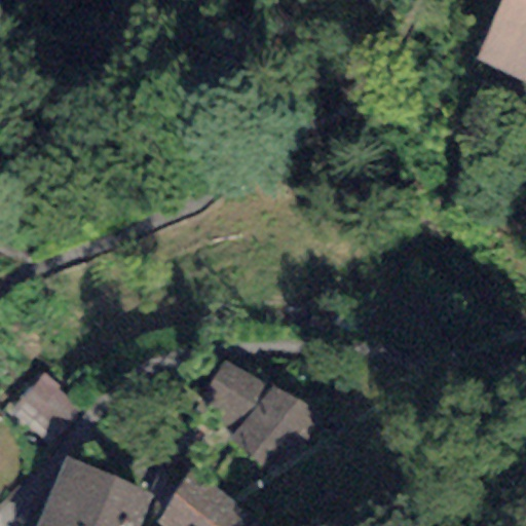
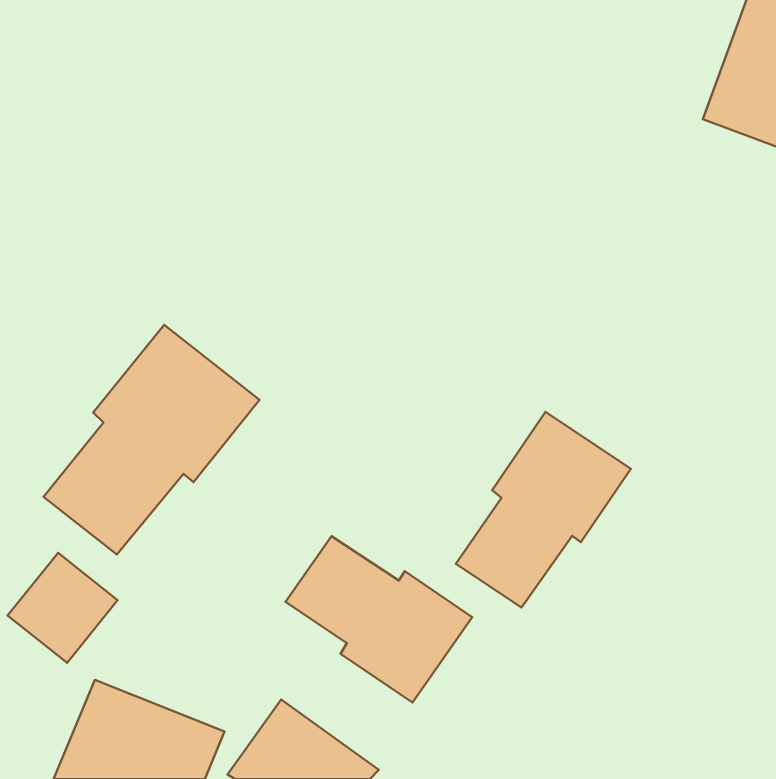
building: none -> [43,325,260,554]
building: none -> [456,412,631,608]

